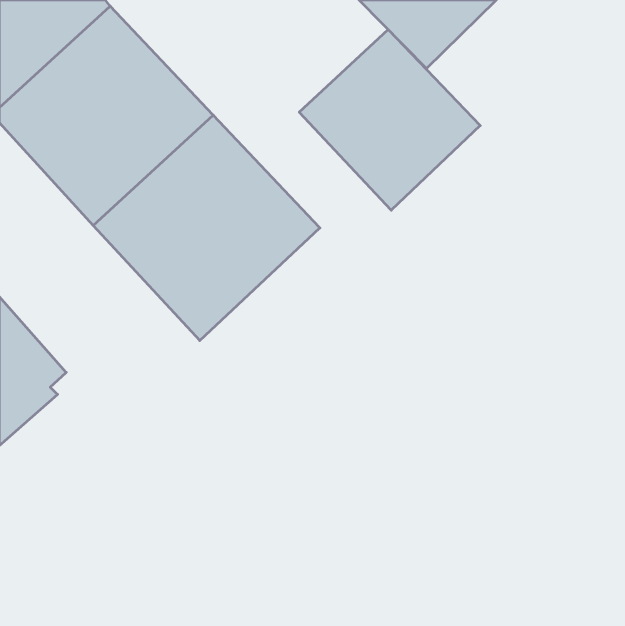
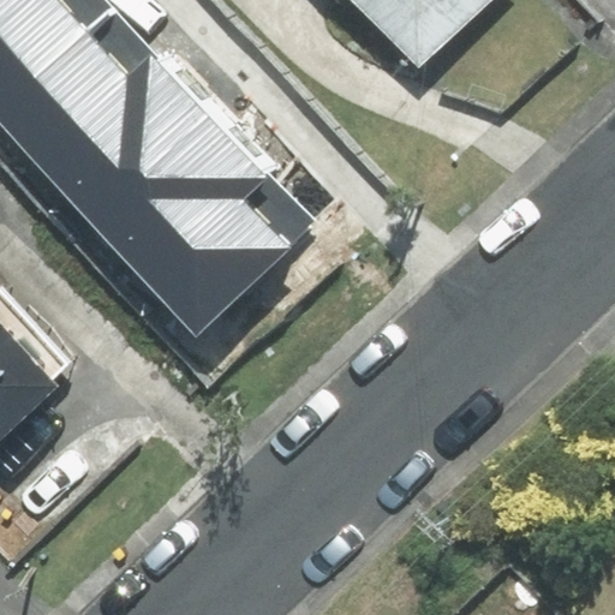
building: [299,30,480,210] -> none

